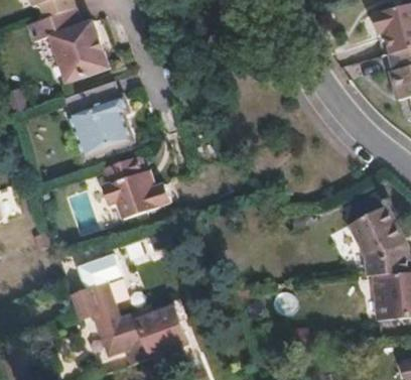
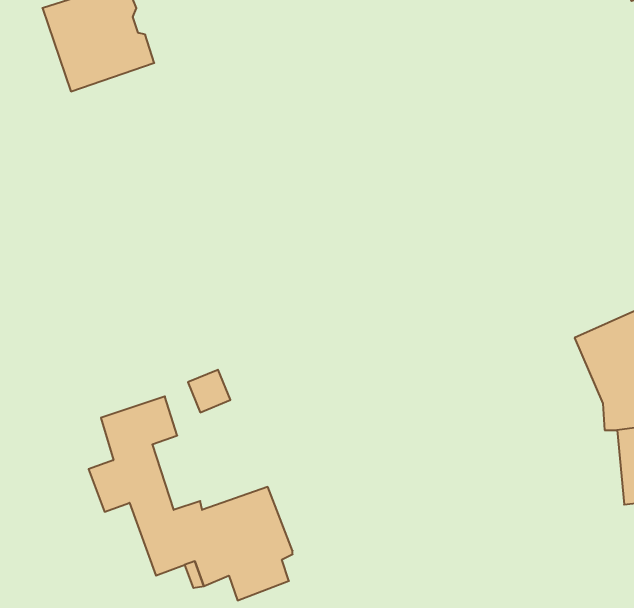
building: [62,78,129,143] -> none
building: [99,154,171,218] -> none

